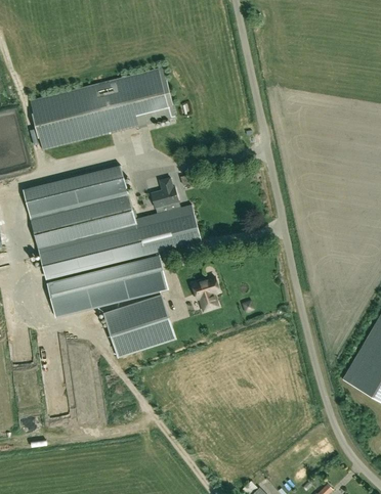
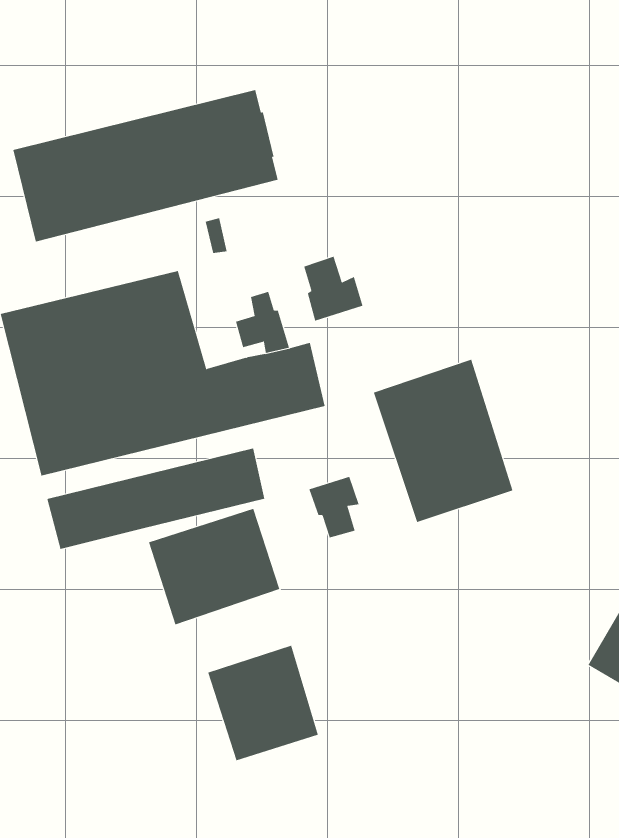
building: none -> [303,256,363,321]
building: none -> [373,359,513,523]
building: none -> [208,645,318,761]

